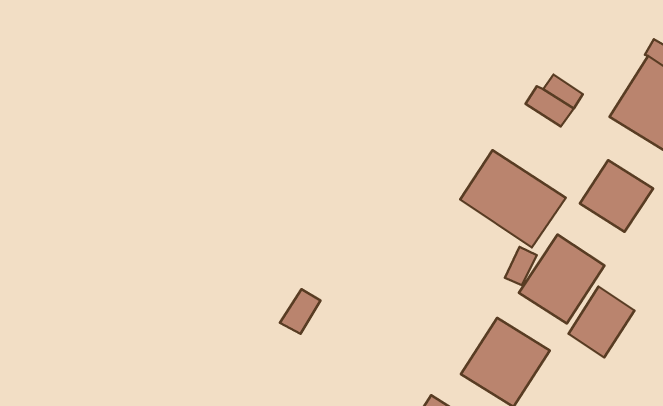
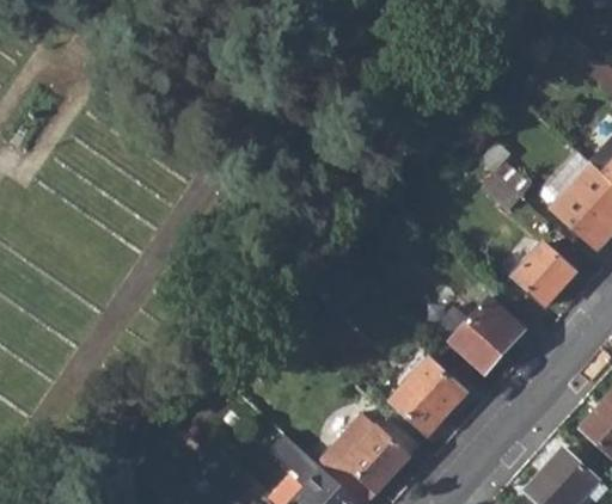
building: [460,150,566,247] -> none
building: [568,287,634,357] -> none

